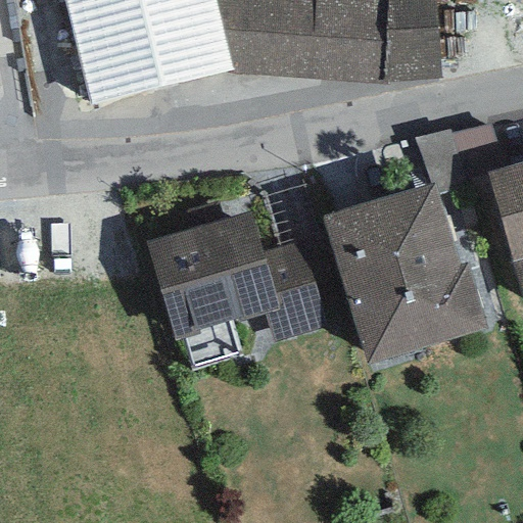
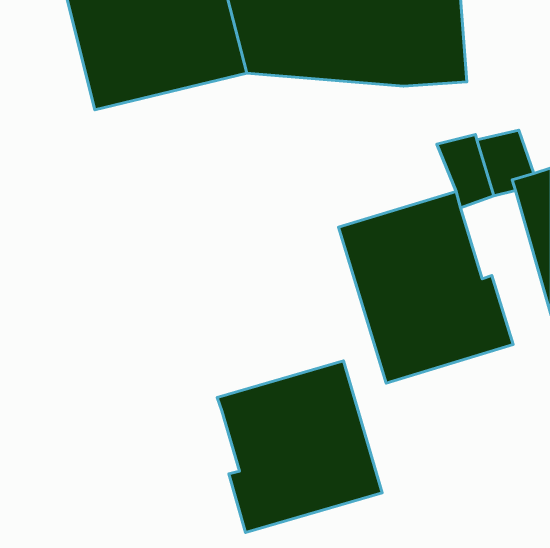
building: [146,209,339,342] -> none
building: none -> [217,361,382,533]

